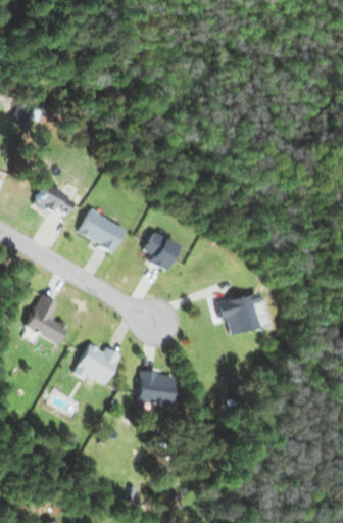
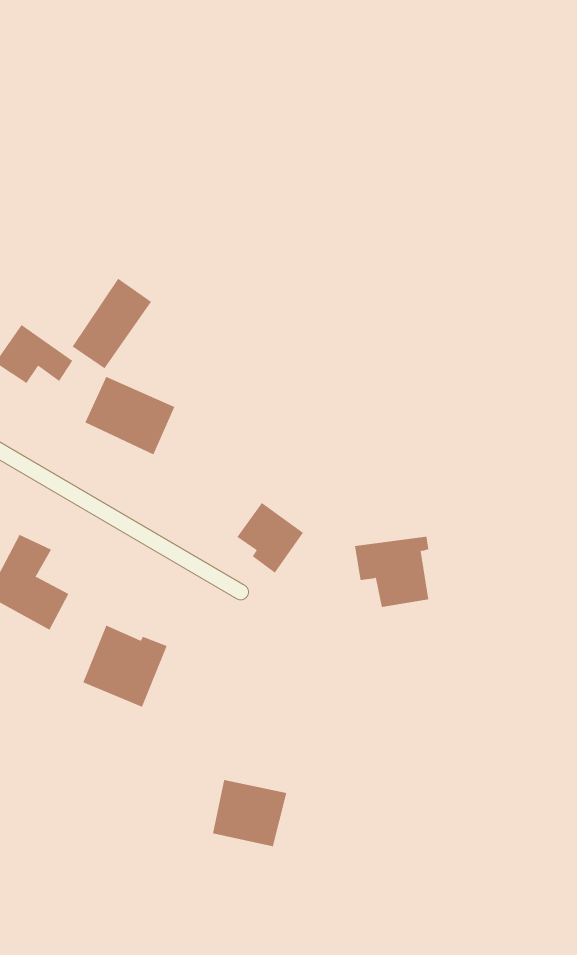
building: none -> [72,278,152,369]
building: [141,232,177,270] -> [237,502,304,573]
building: [138,370,178,406] -> [212,779,287,847]

